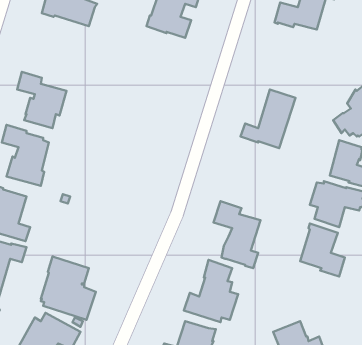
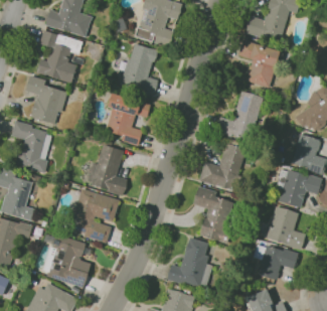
building: none -> [36,30,83,84]
building: none -> [238,40,280,88]
building: none -> [120,43,158,95]
building: none -> [105,94,151,146]
building: none -> [199,140,246,190]
building: none -> [88,144,127,196]
building: none -> [67,188,119,243]
building: none -> [253,245,299,280]

